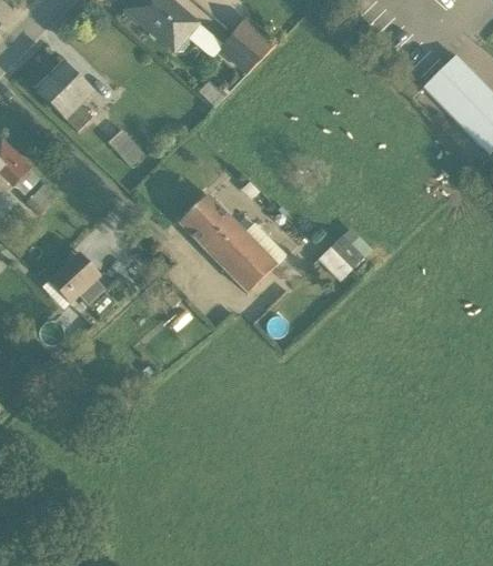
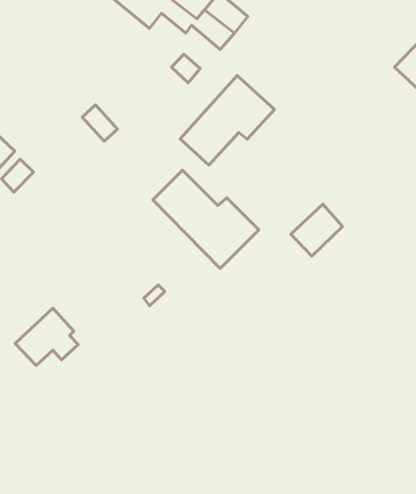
building: [37,62,93,130] -> none
building: none -> [180,76,274,165]
building: [41,251,104,309] -> [15,308,78,365]

